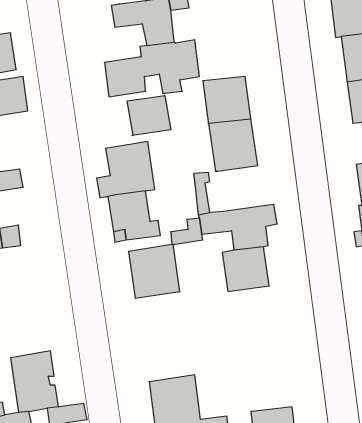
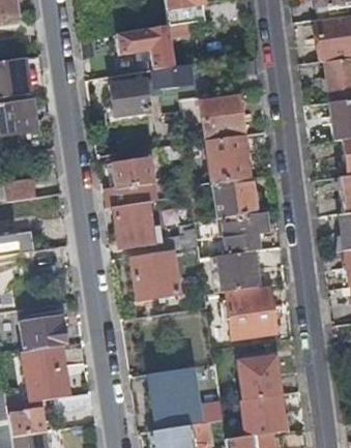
building: [127,95,171,136] -> none
building: none -> [212,177,256,218]
building: none -> [226,288,275,338]
building: none -> [21,310,65,351]
building: none -> [238,357,281,399]

